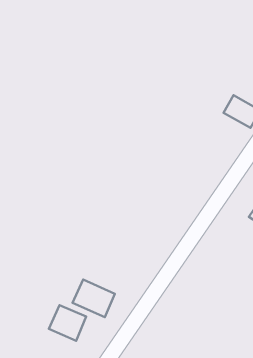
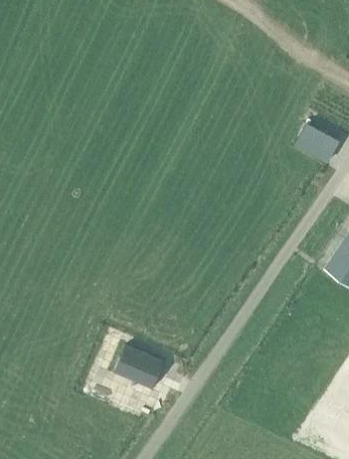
building: [49,305,86,341] -> none

